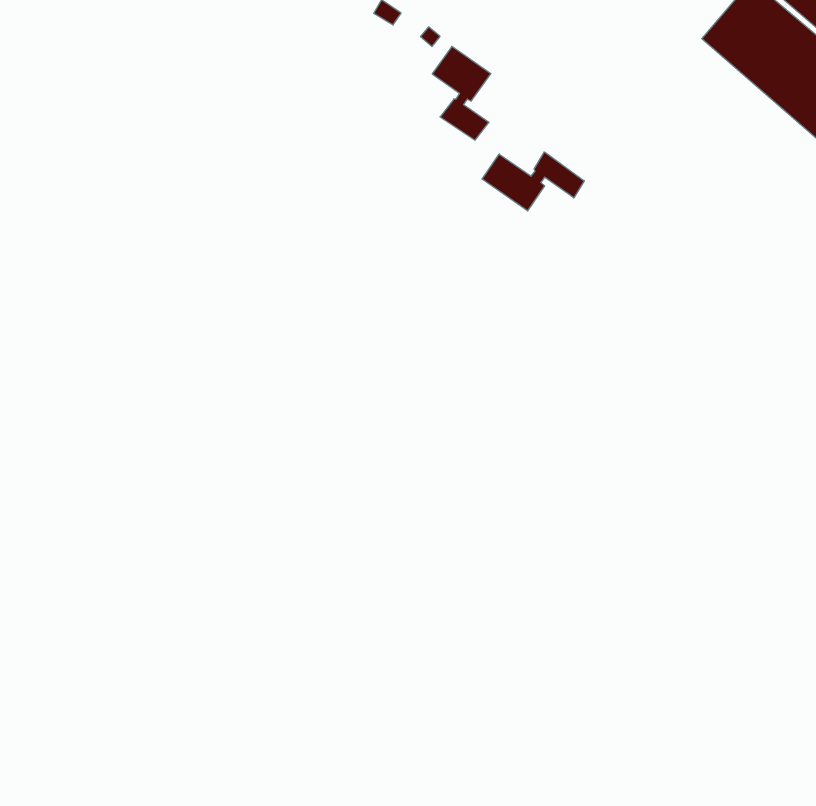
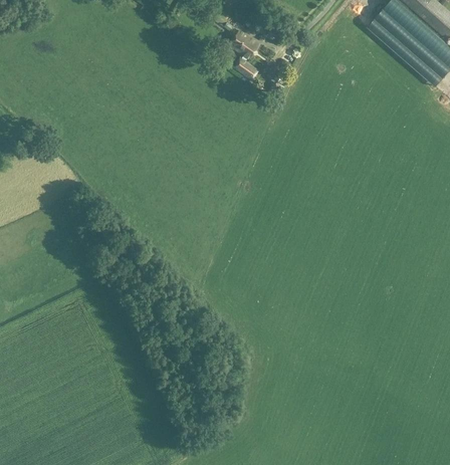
building: [482,152,584,211] -> none

